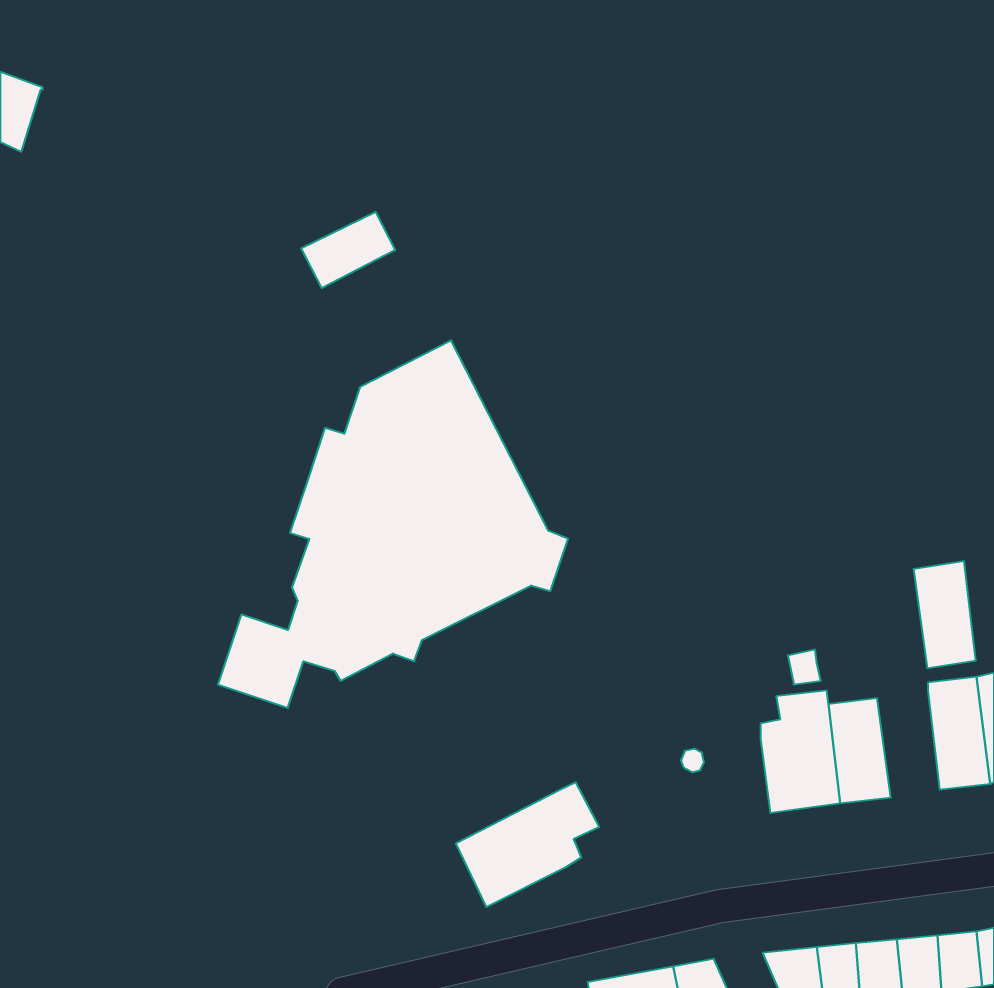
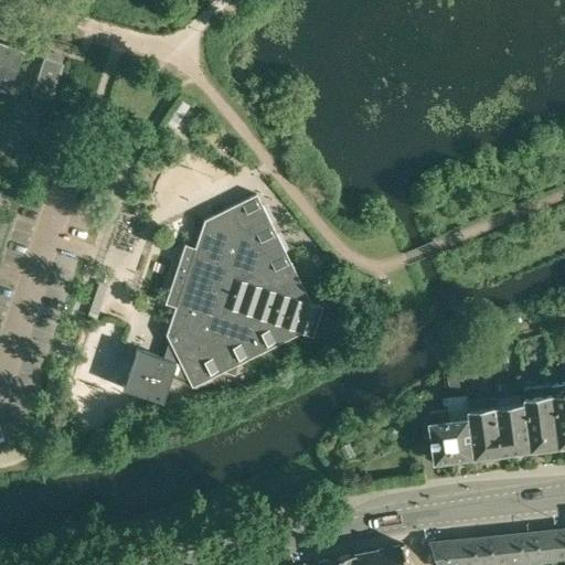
building: none -> [32,60,61,102]
building: [301,212,395,288] -> none
building: [914,561,976,668] -> [498,395,533,456]
building: [456,782,599,907] -> none

